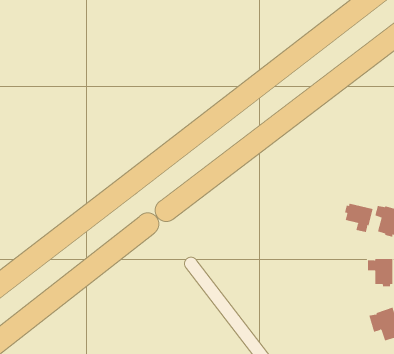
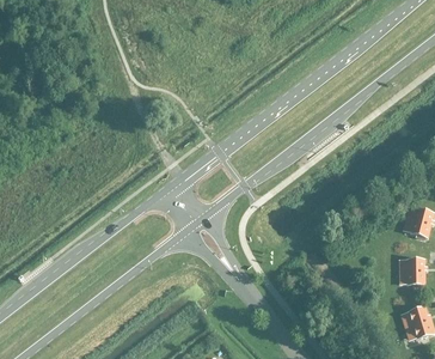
building: [344,203,373,233] -> none

